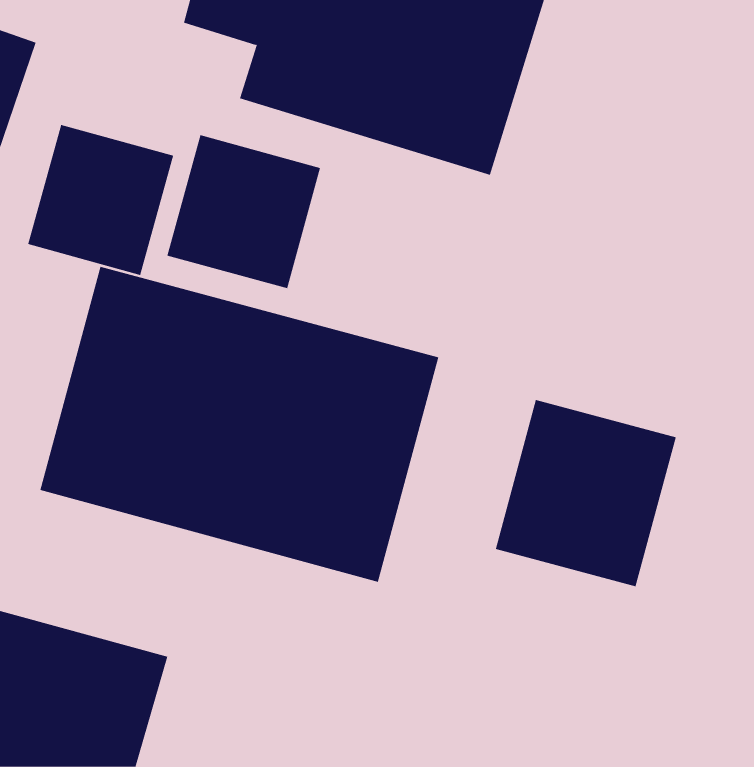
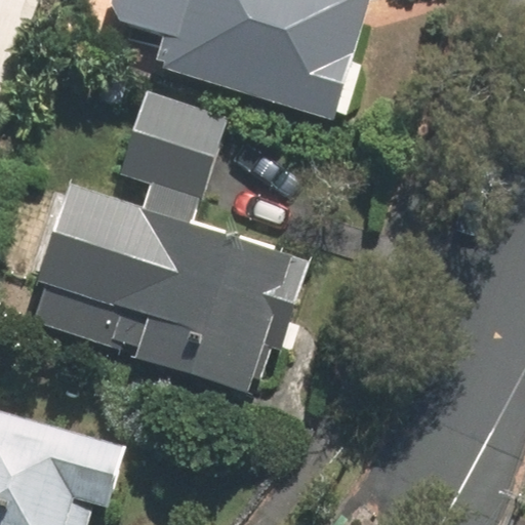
building: [28,124,174,276] -> none
building: [495,399,676,587] -> none

